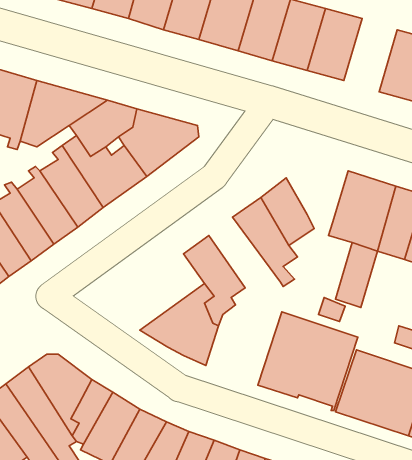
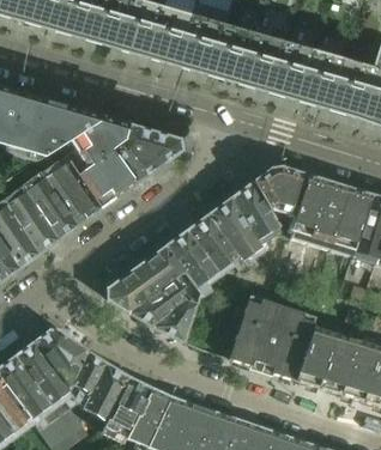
building: none -> [301,47,346,109]
building: none -> [252,168,304,220]
building: none -> [186,215,247,275]
building: none -> [107,247,182,311]

